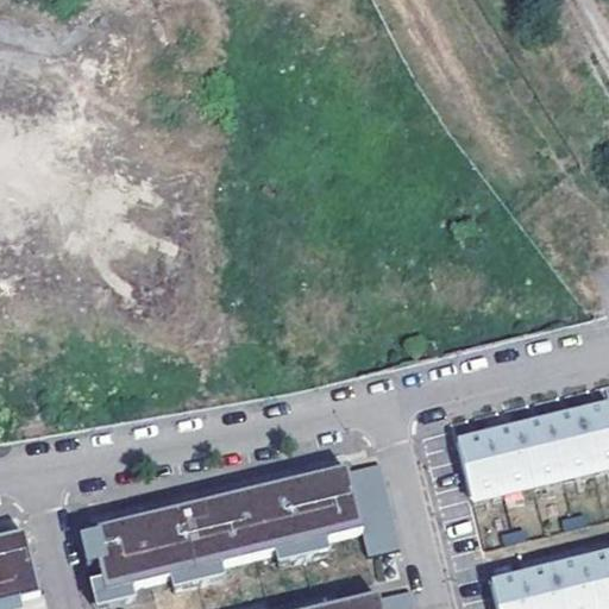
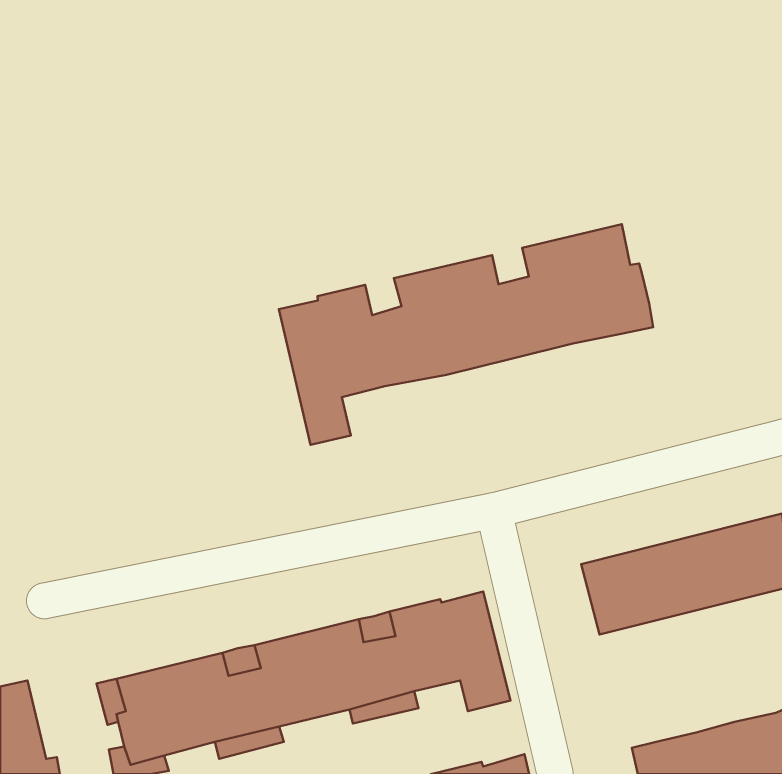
building: none -> [279,224,653,445]

